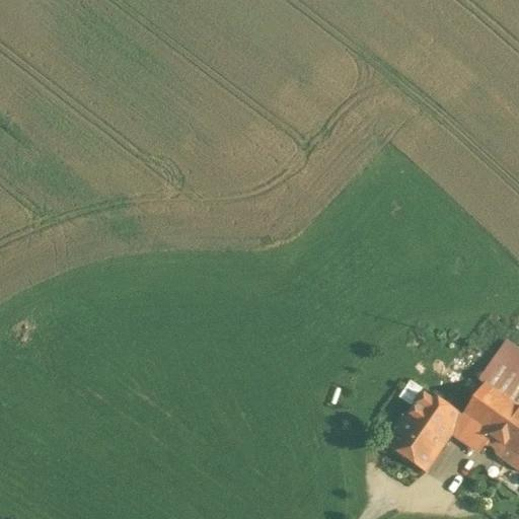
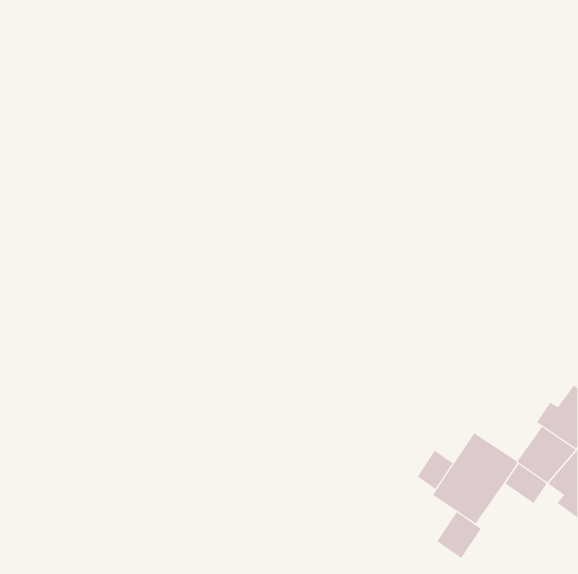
building: none -> [417,450,454,490]
building: none -> [437,511,482,559]

